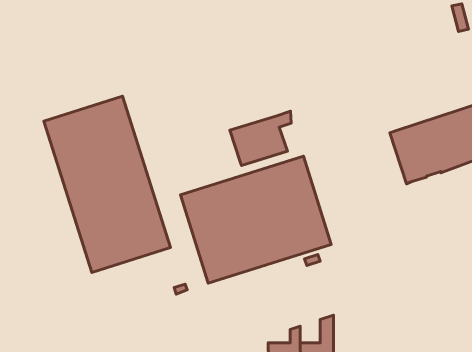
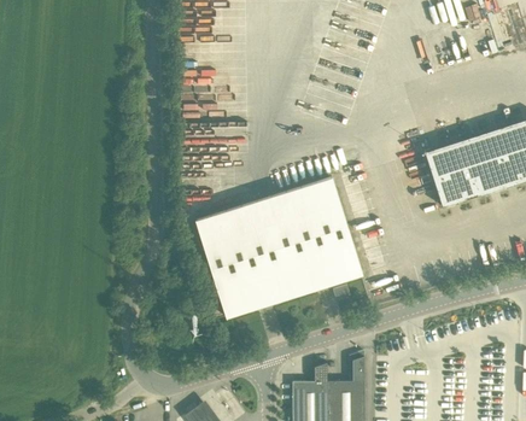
building: [44,96,170,273] -> none
building: [230,111,291,165] -> none

